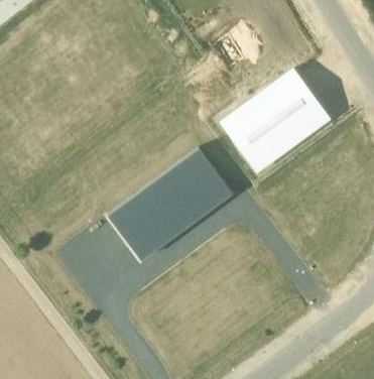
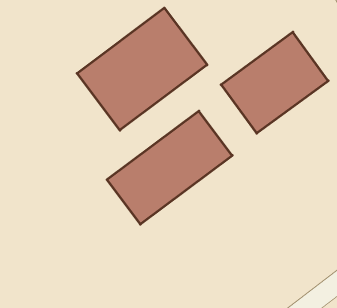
building: none -> [77,8,207,130]

